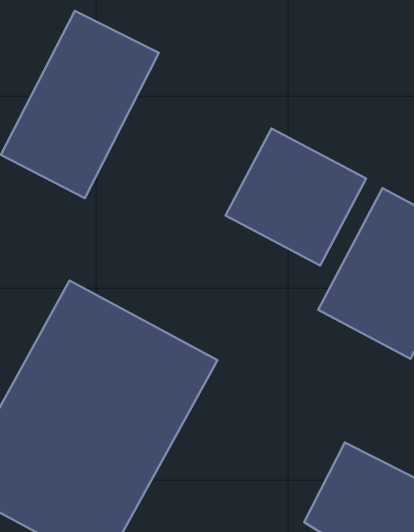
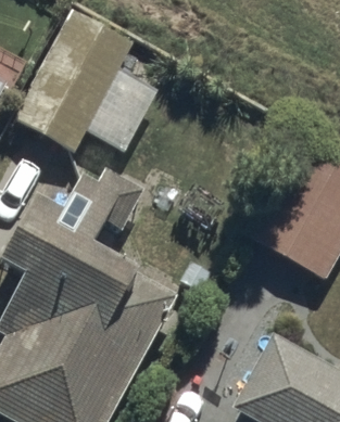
building: [226,128,366,265] -> none

